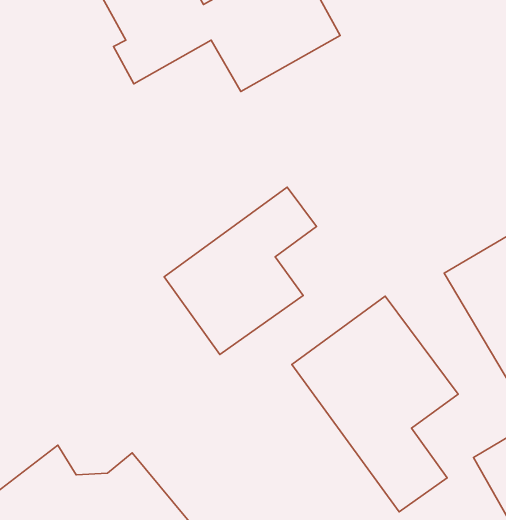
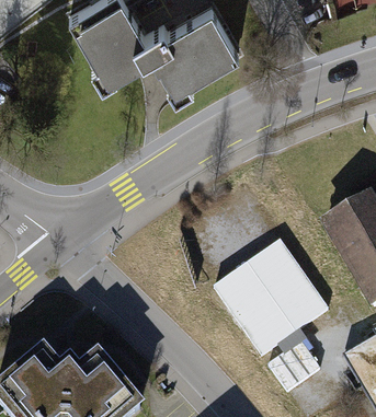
building: [164,187,316,354] -> none

